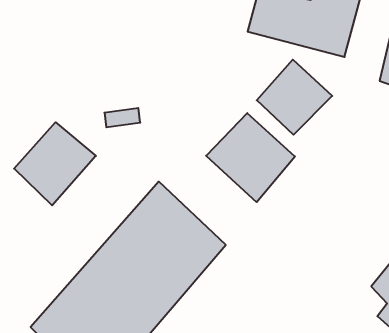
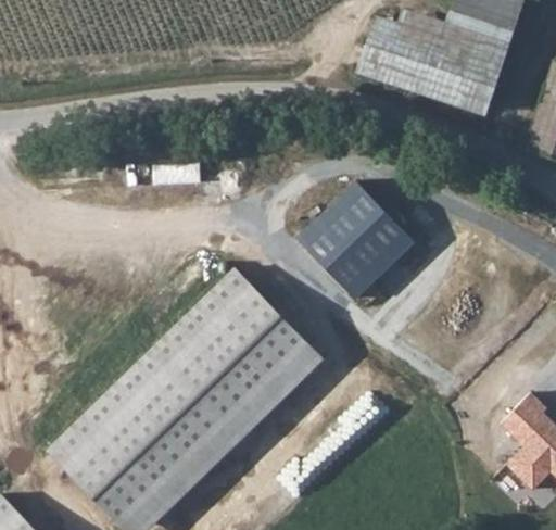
building: [257,60,332,135] -> none
building: [14,122,96,205] -> none

